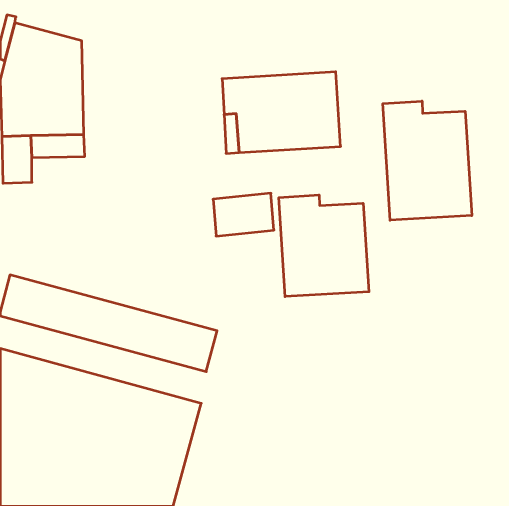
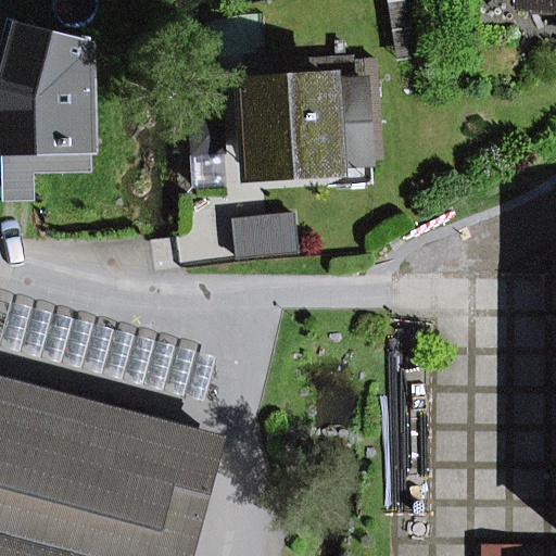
building: [383,101,472,220] -> none
building: [279,195,369,297] -> none

